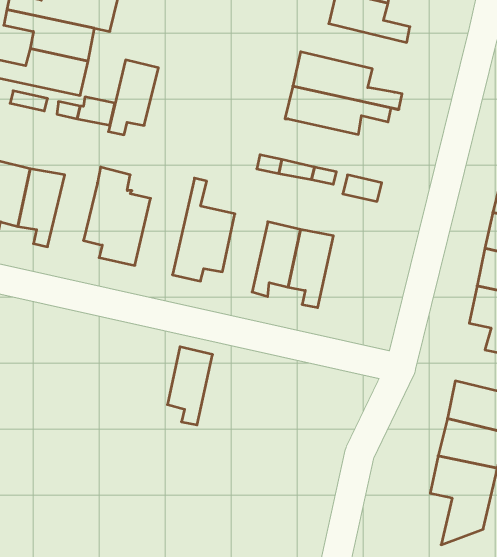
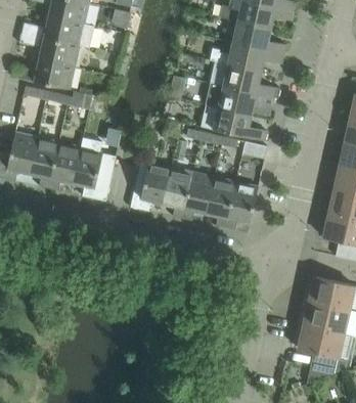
building: none -> [210,42,283,72]
building: [108,60,158,135] -> [48,141,81,190]
building: none -> [201,104,266,141]
building: none -> [225,181,258,230]
building: [167,347,213,425] -> [163,167,192,218]

